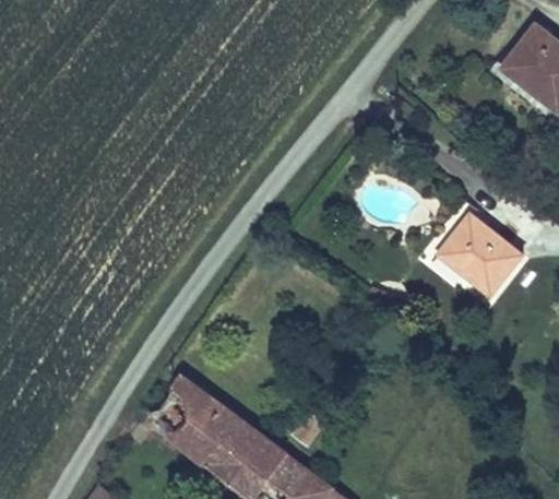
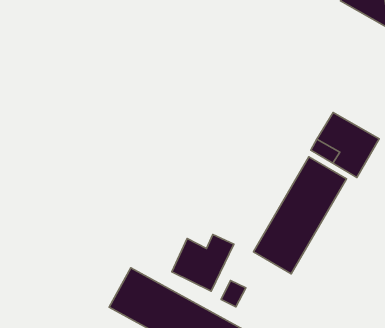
building: none -> [254,157,346,274]
building: none -> [172,235,234,291]

